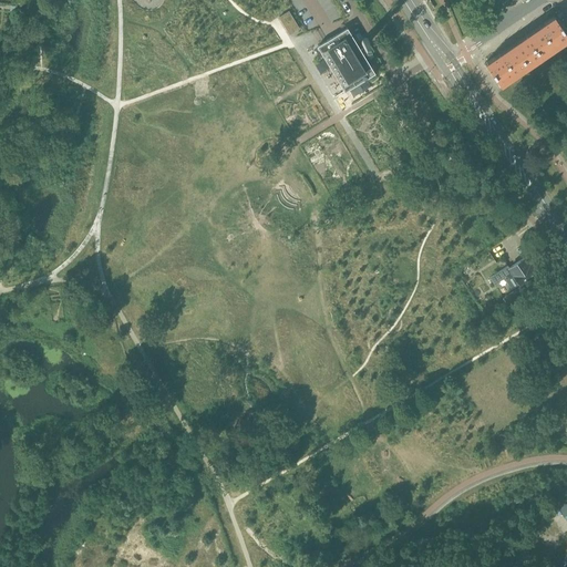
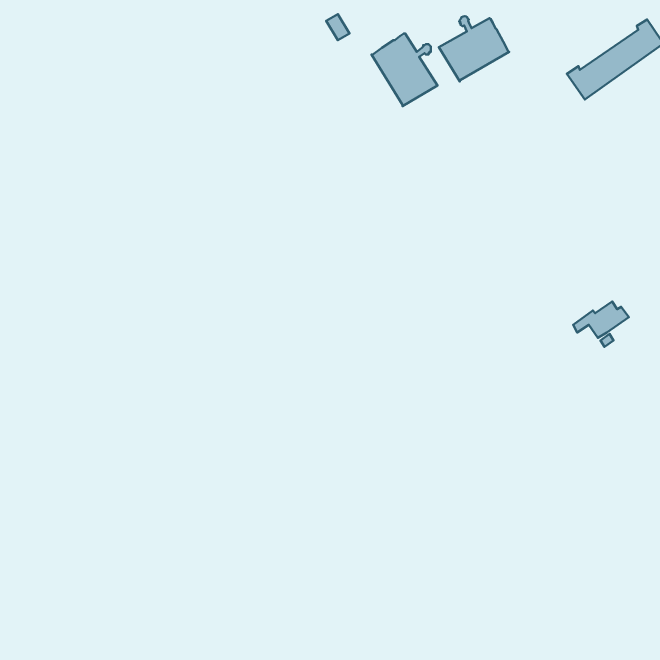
building: none -> [439,16,509,81]

